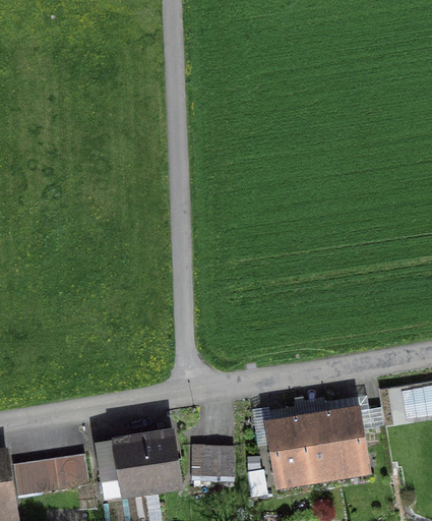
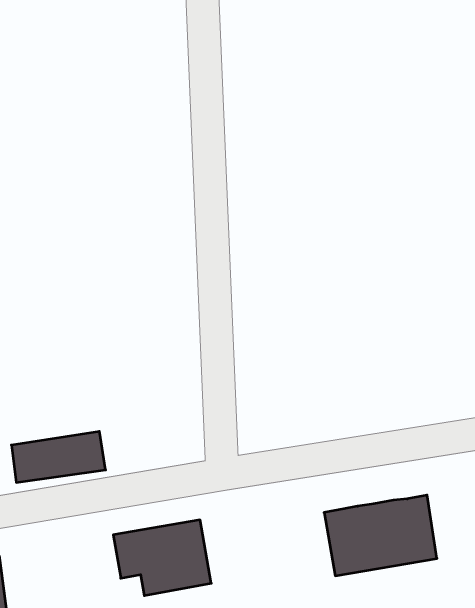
building: [195,446,233,474] -> none
building: [12,453,89,495] -> [11,431,106,482]

